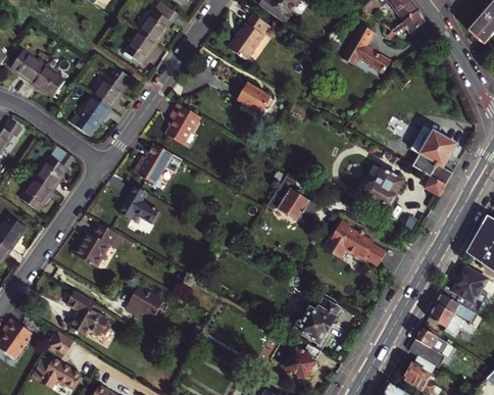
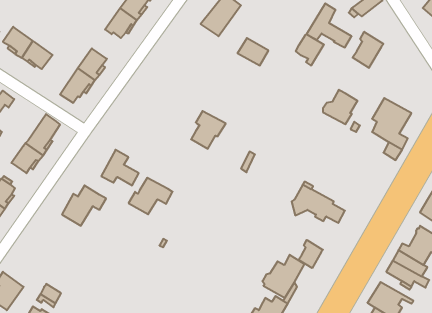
building: none -> [353,32,383,68]
building: none -> [296,34,324,66]
building: [237,83,270,112] -> [237,38,268,65]
building: [164,103,202,144] -> [191,111,226,149]
building: [134,144,182,184] -> [129,178,173,214]
building: [365,168,403,206] -> [323,90,358,124]
building: [282,185,313,217] -> none
building: none -> [298,240,323,268]
building: [125,285,164,318] -> none
building: [66,290,110,333] -> none

